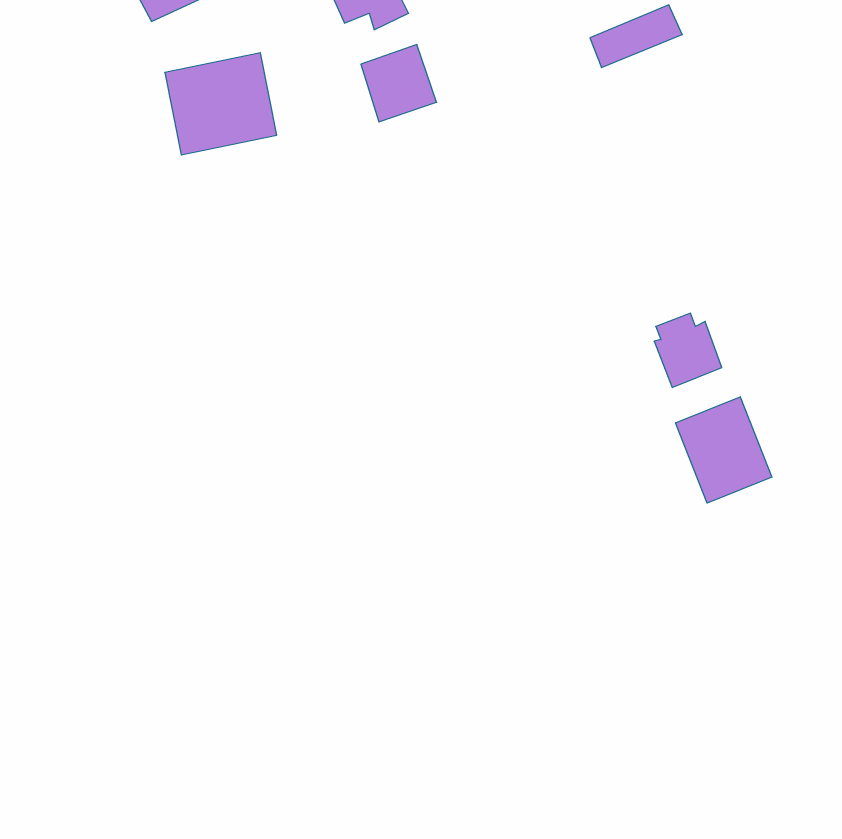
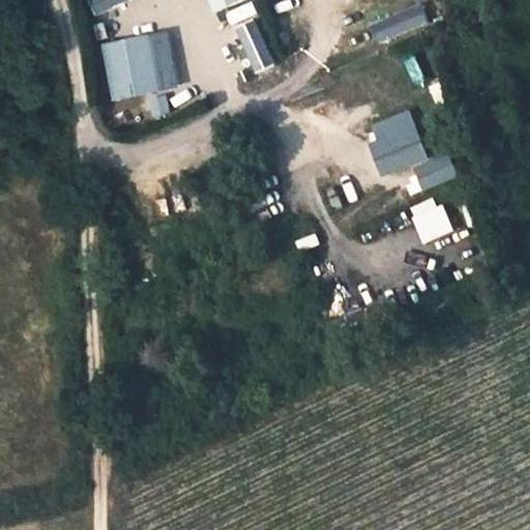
building: none -> [367,110,428,175]
building: none -> [414,154,455,189]
building: [676,397,772,503] -> none

